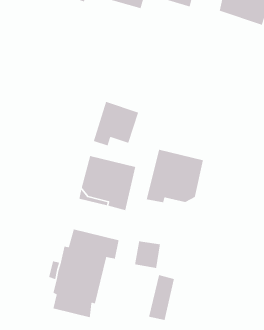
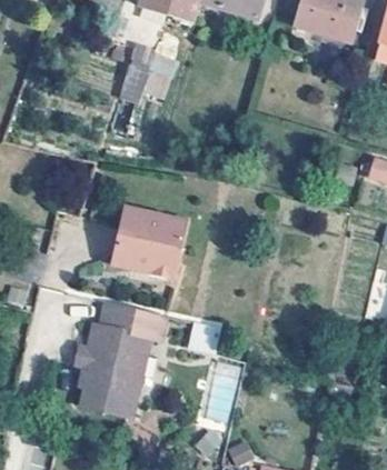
building: [93,101,139,147] -> [117,46,177,104]
building: [146,149,204,203] -> none

